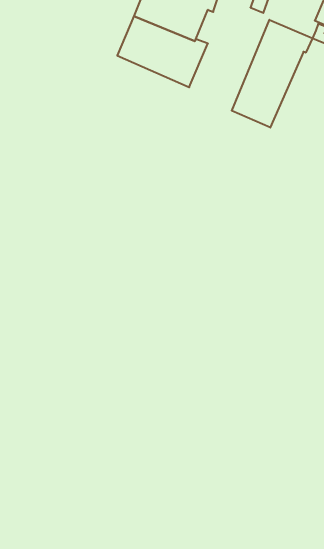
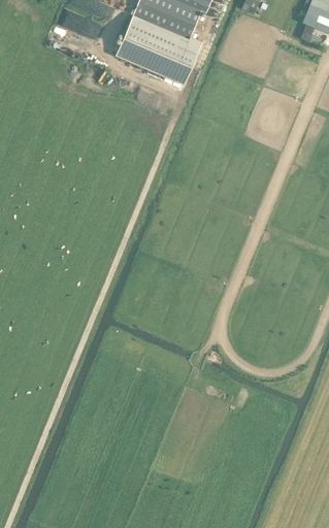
building: [232,20,313,128] -> none

